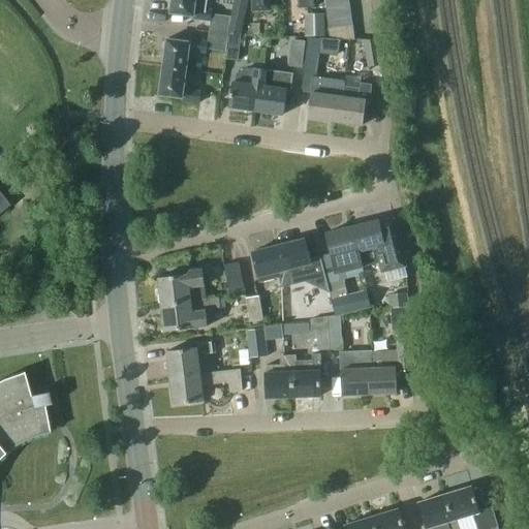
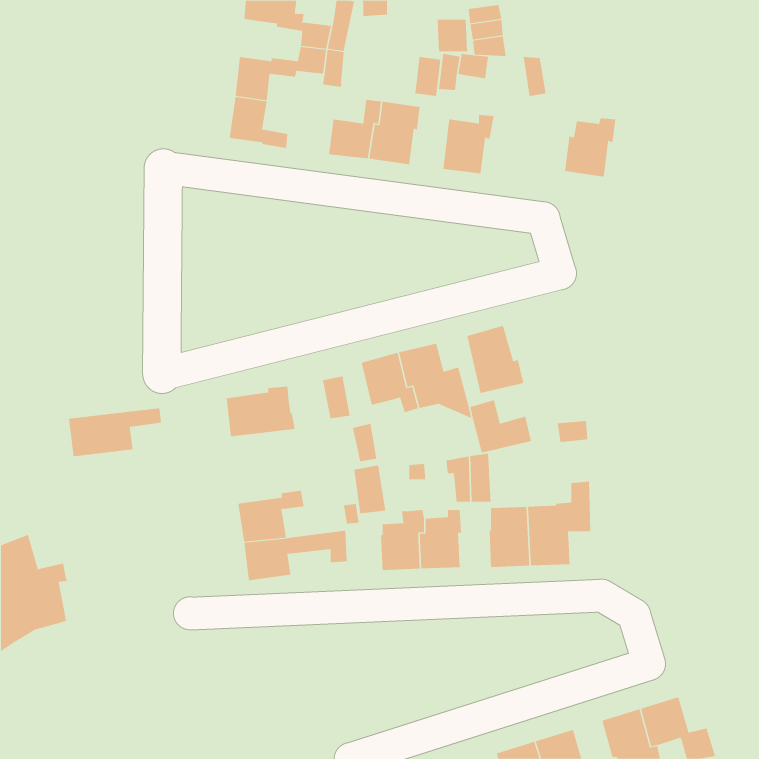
building: [335,84,371,125] -> [564,118,616,177]
building: [350,219,404,272] -> none
building: [160,297,225,331] -> [68,408,162,457]

